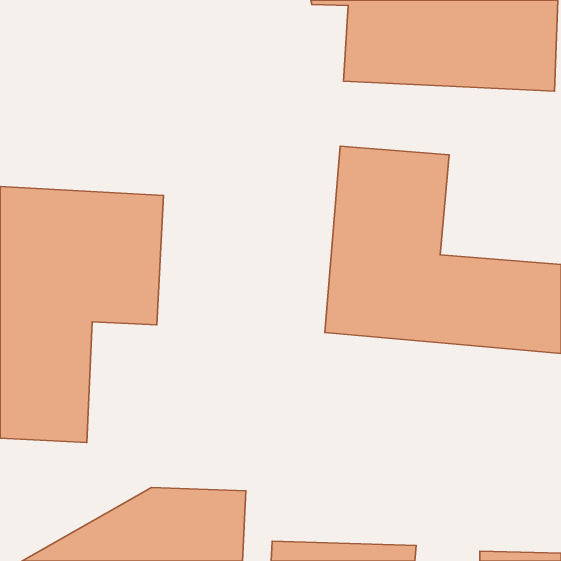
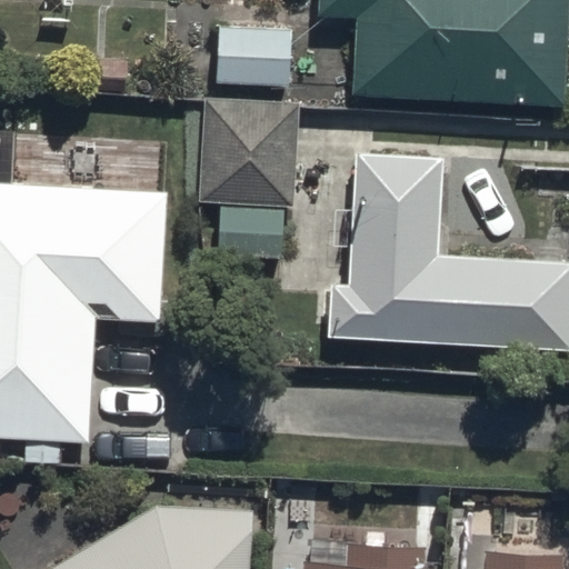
building: none -> [197,90,298,246]

